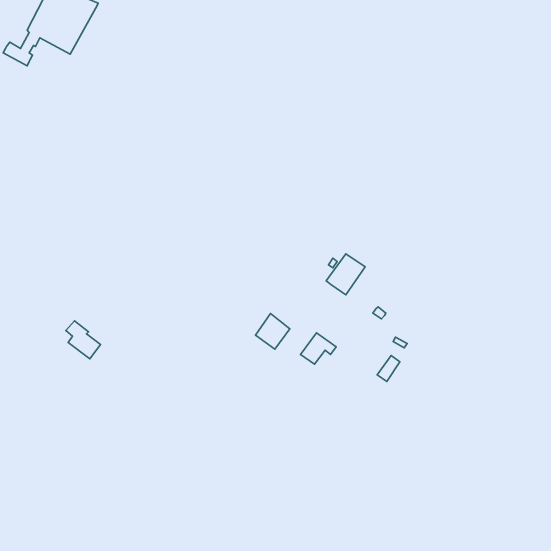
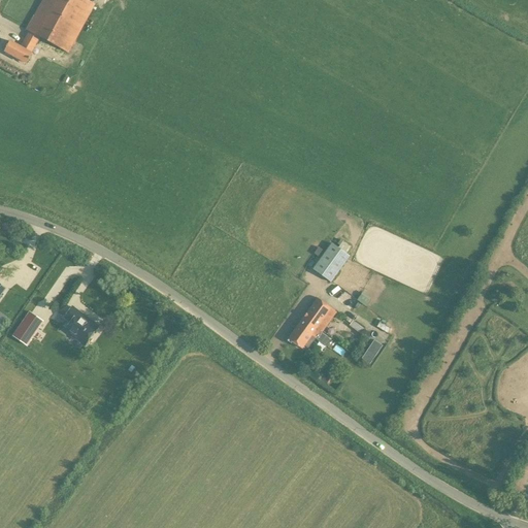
building: [255,314,290,349] -> [302,297,335,331]
building: none -> [11,311,42,344]

